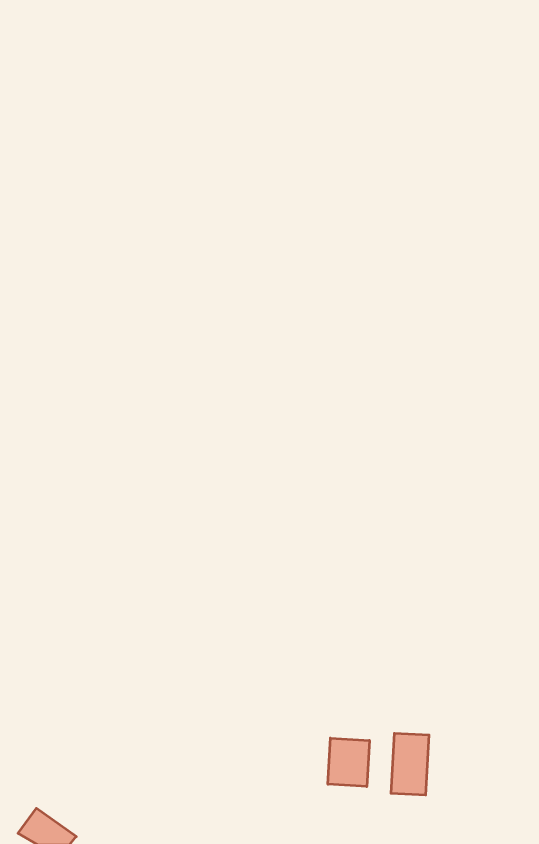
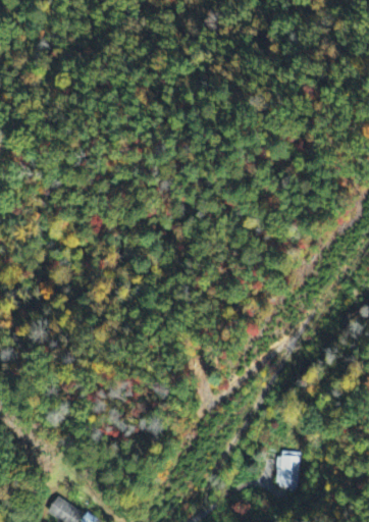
building: [328,738,369,787] -> none

